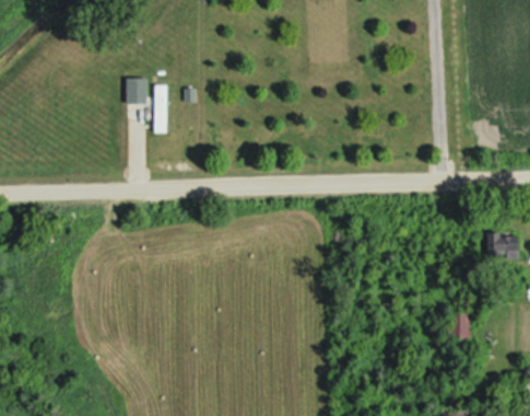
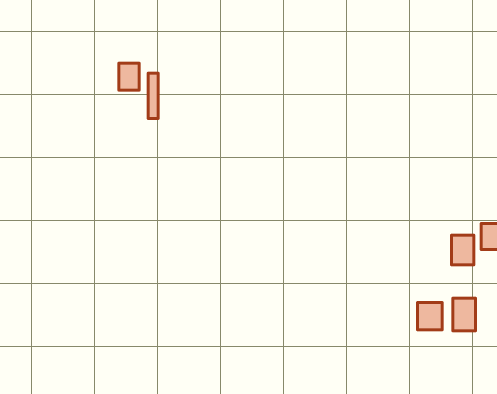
building: none -> [452,235,474,265]
building: none -> [417,302,442,330]

